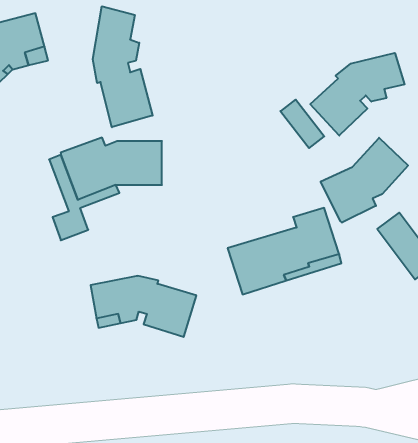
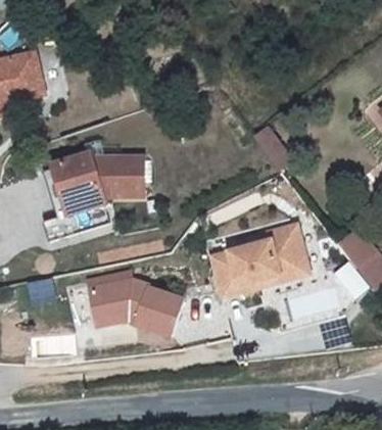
building: [93,6,153,127] -> none
building: [310,53,405,136] -> none
building: [321,138,408,223] -> none

